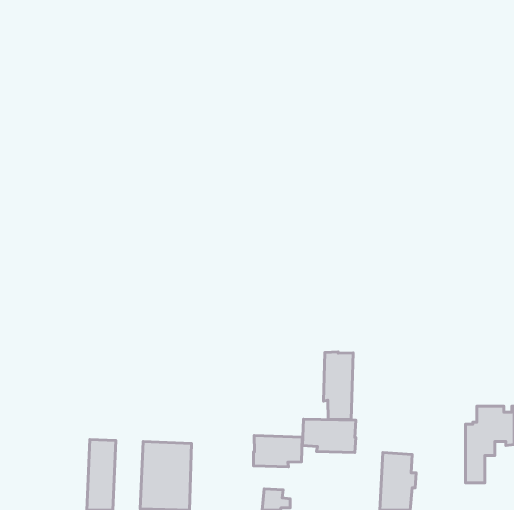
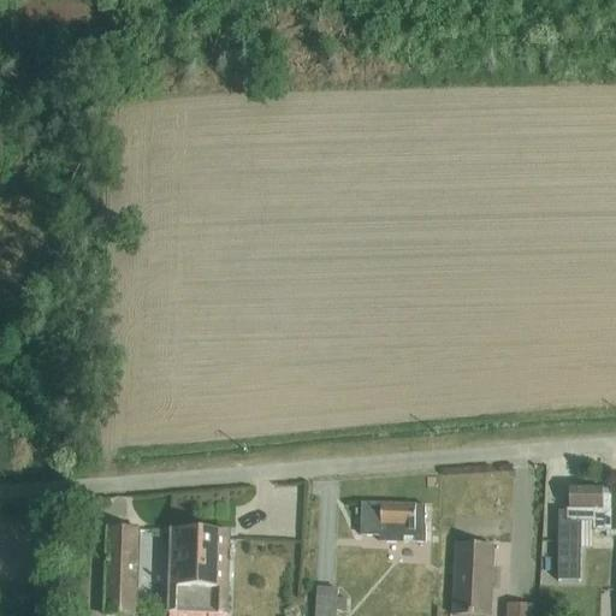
building: [323,352,353,420] -> none
building: [253,436,302,467] -> none

